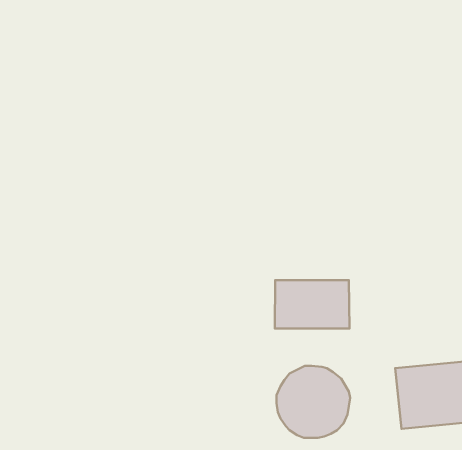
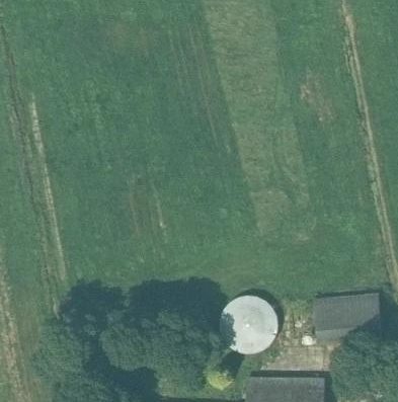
building: [275,280,349,328] -> none

